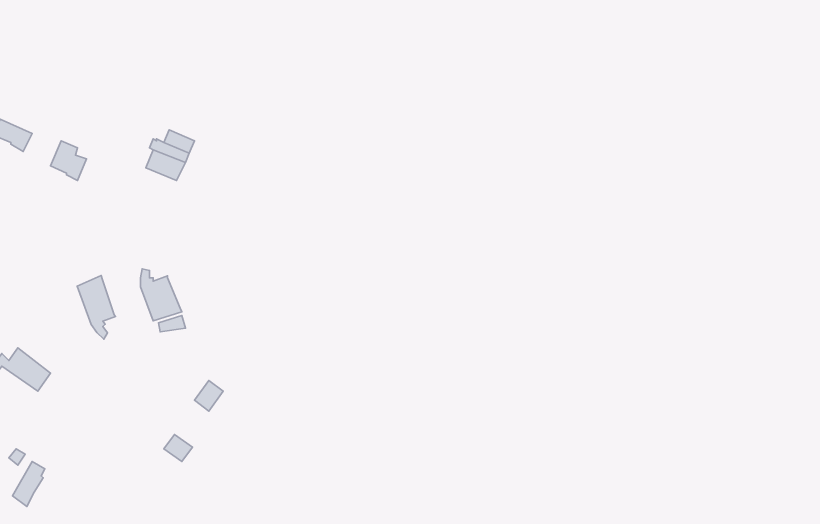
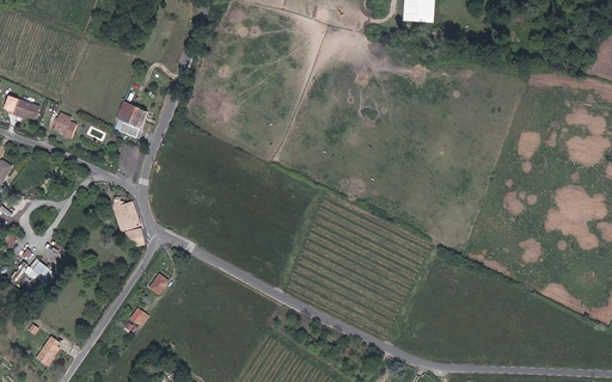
building: [77,275,115,339] -> none

